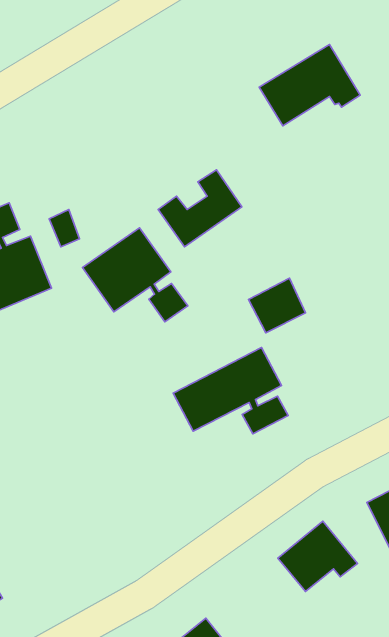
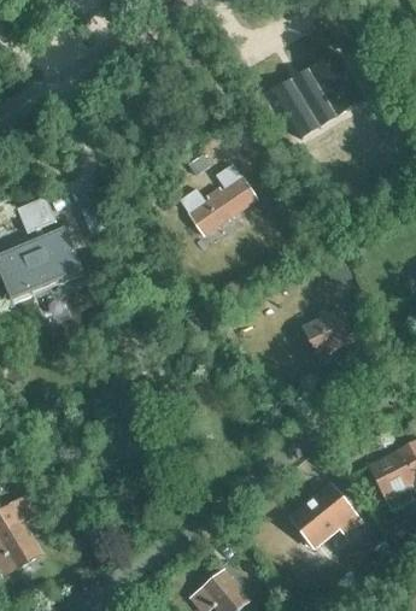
building: [83,228,188,322] -> none
building: [248,278,306,333] -> [301,307,353,357]
building: [173,348,288,434] -> none

